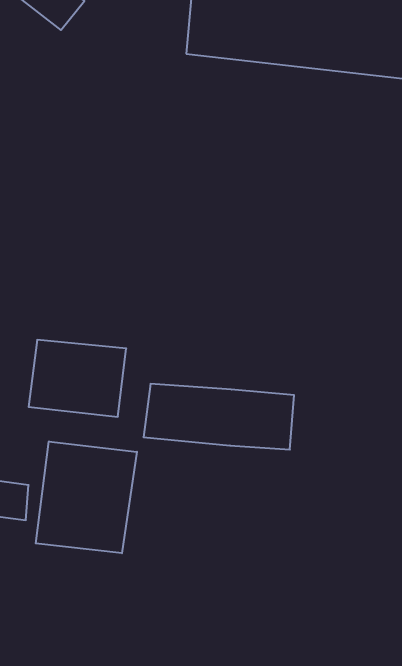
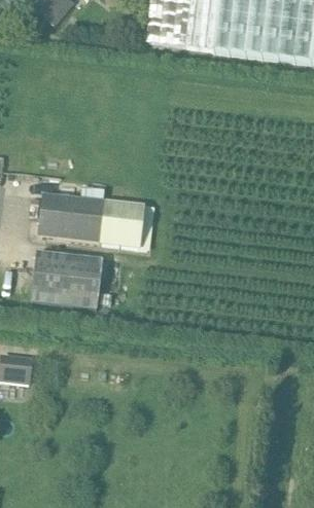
building: [143,384,294,450] -> [40,195,151,244]
building: [36,441,137,553] -> none

